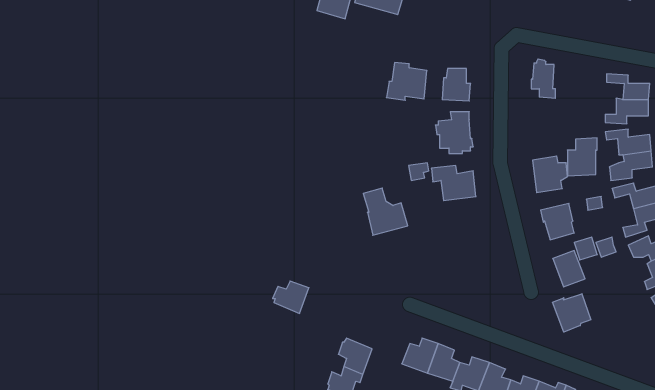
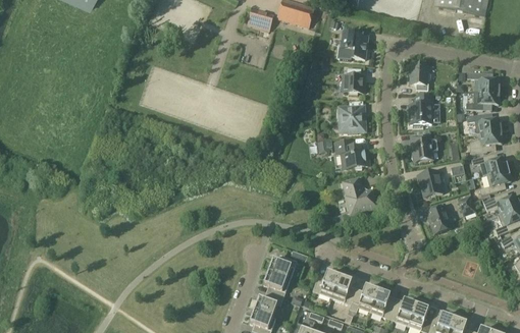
building: [386,63,427,100] -> [336,31,367,59]
building: [567,138,597,176] -> [410,95,432,123]
building: [363,188,408,235] -> [344,177,377,213]
building: [273,281,309,313] -> [269,255,297,279]
building: [552,294,591,332] -> none

